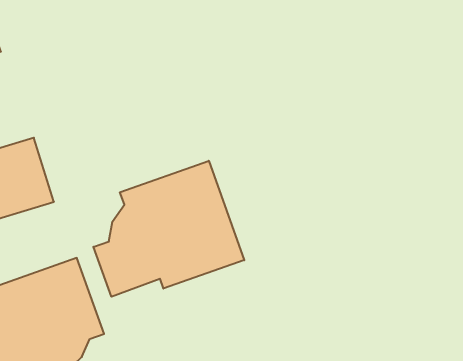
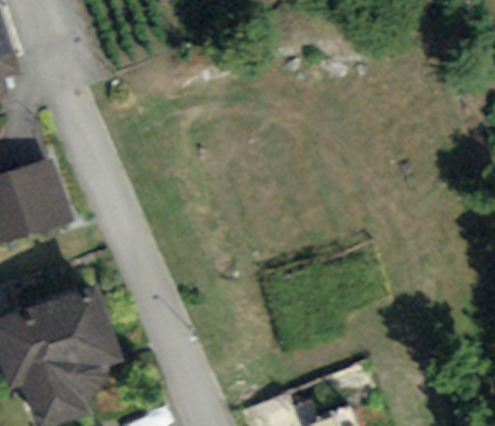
building: [93,161,244,297] -> none

